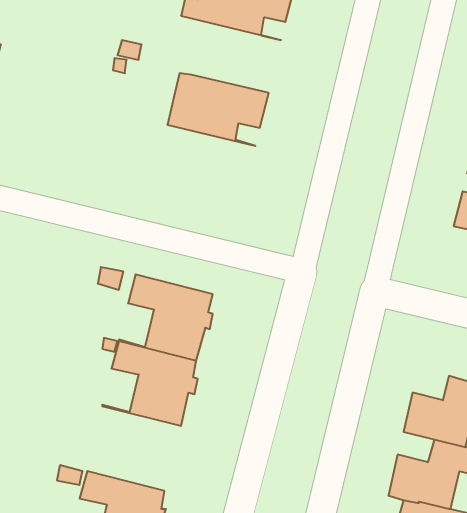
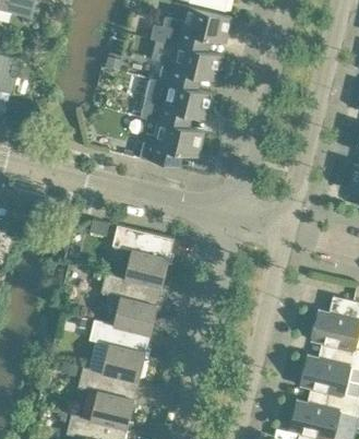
building: none -> [151,38,223,94]
building: none -> [140,117,204,167]
building: none -> [83,320,151,381]

